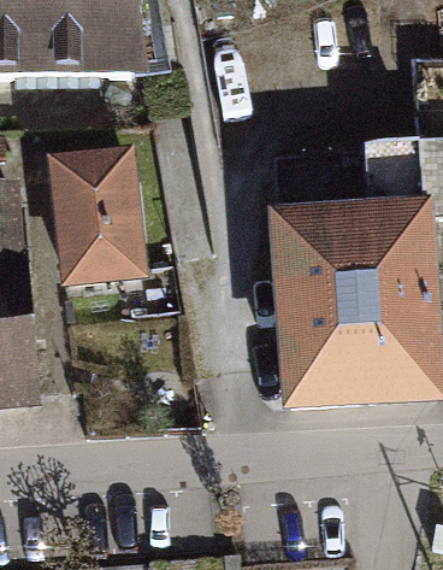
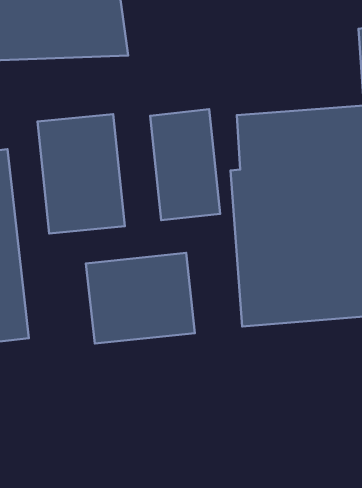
building: none -> [150,109,220,220]
building: none -> [86,253,195,344]

